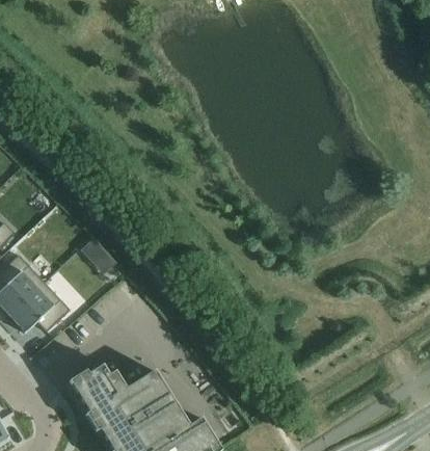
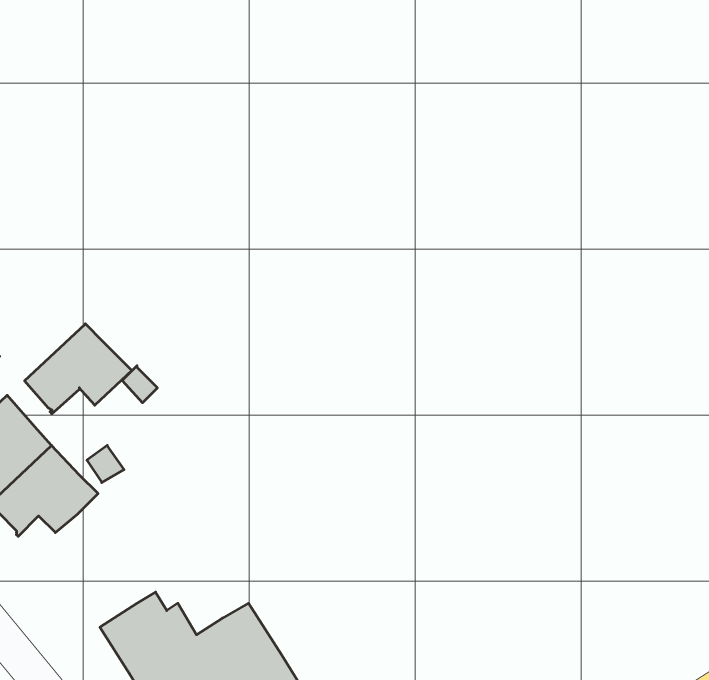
building: none -> [25,324,132,414]

